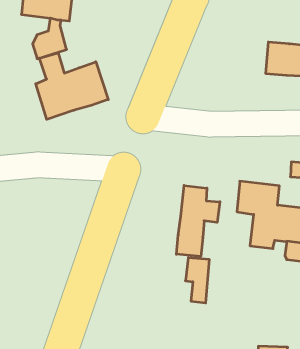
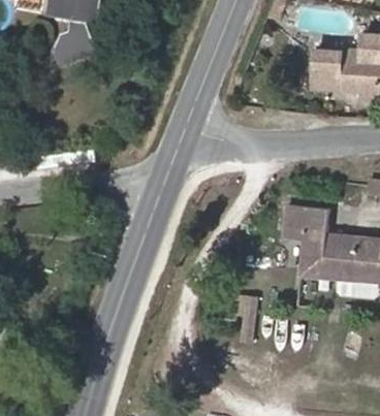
building: [36,53,108,119] -> none
building: [176,185,220,256] -> none

